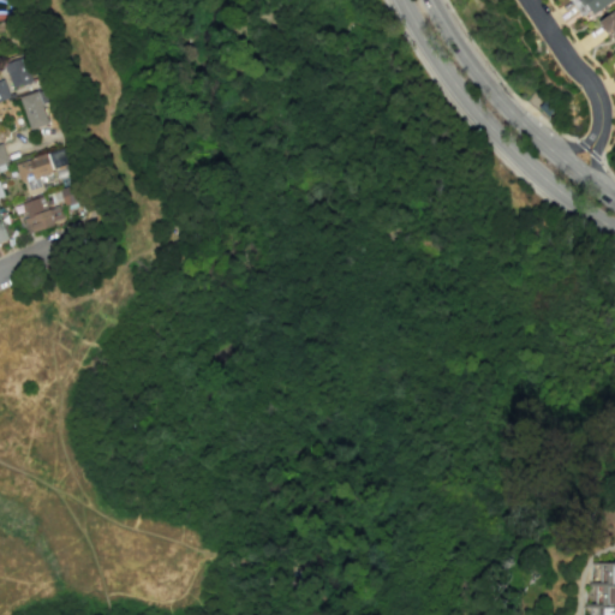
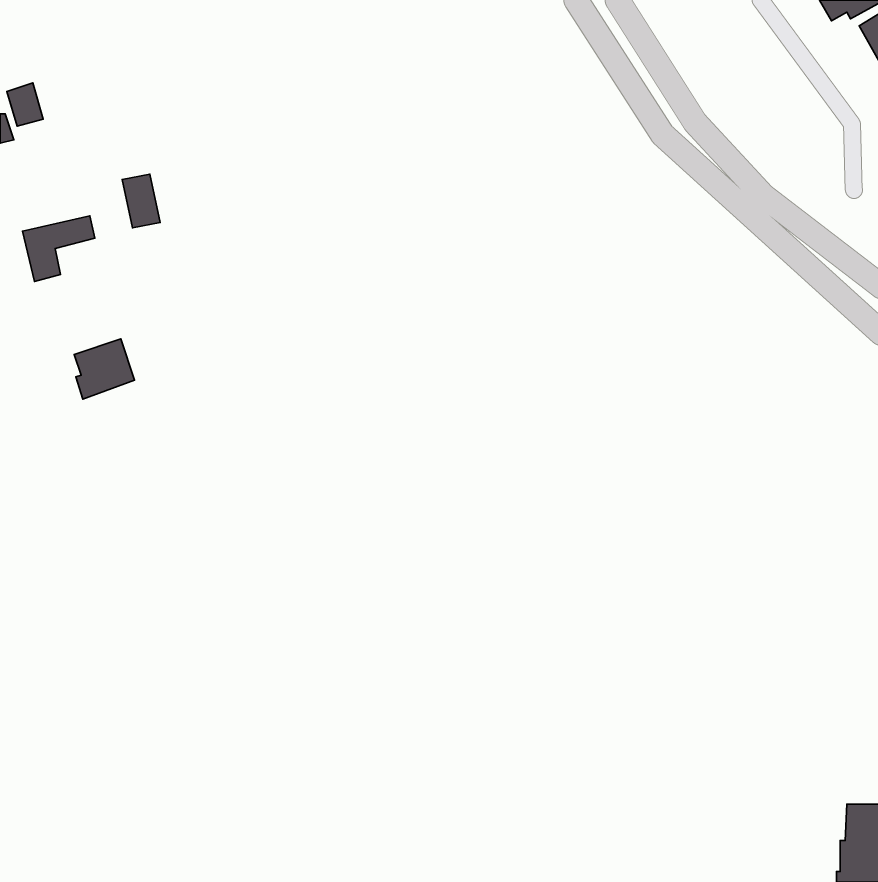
building: [23,91,49,129] -> [122,174,160,228]
building: [23,192,65,234] -> [74,339,135,399]

